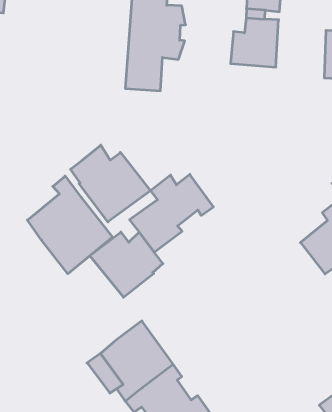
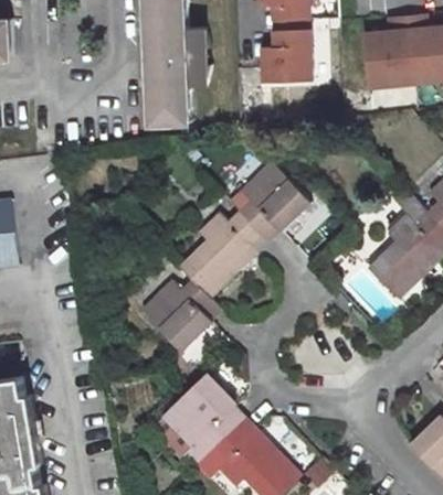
building: none -> [235,161,307,241]
building: [71,145,150,222] -> none
building: [27,176,112,274] -> none

